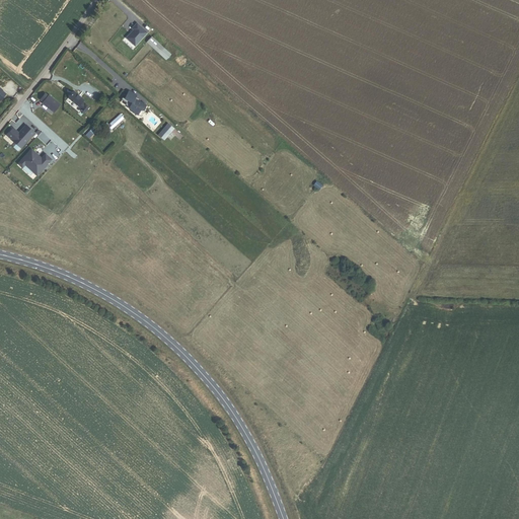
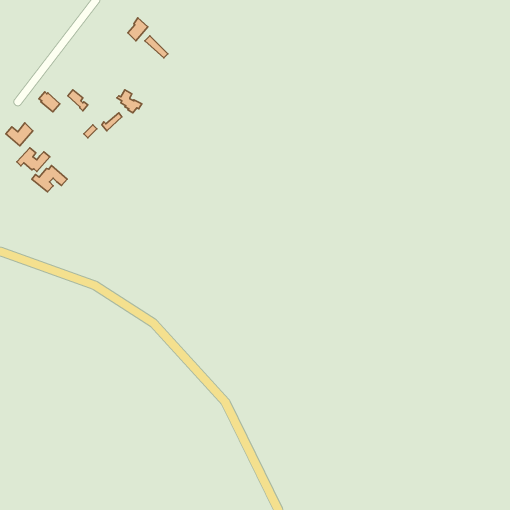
building: none -> [32,166,67,192]

